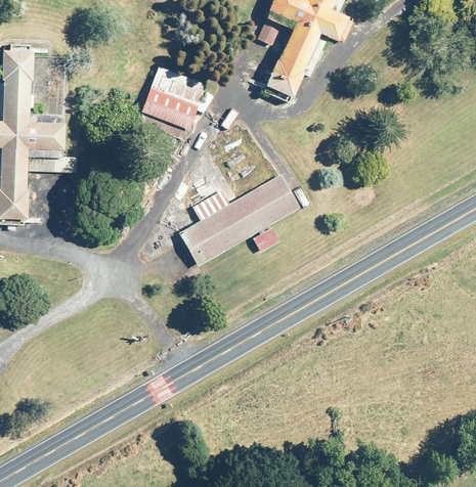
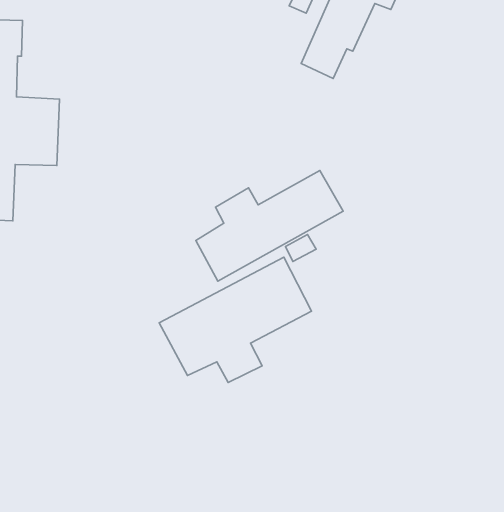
building: [139,62,207,129] -> none
building: none -> [159,257,312,383]

